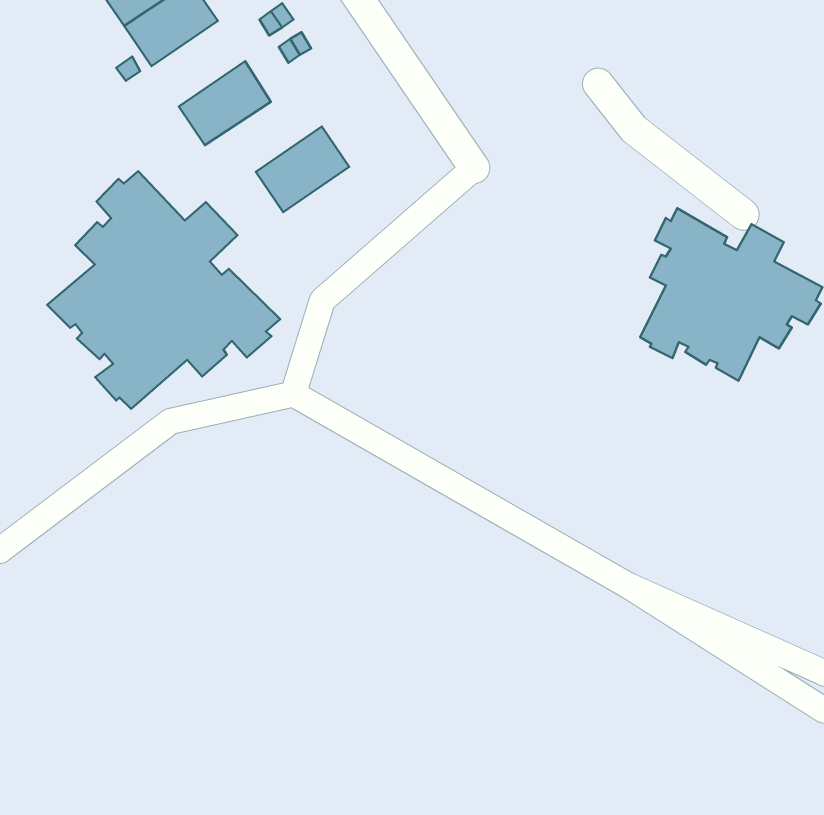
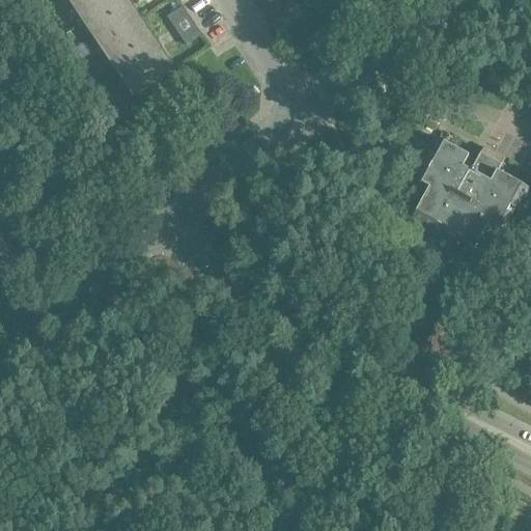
building: [256,127,349,212] -> [97,13,158,68]
building: [47,171,280,409] -> none

